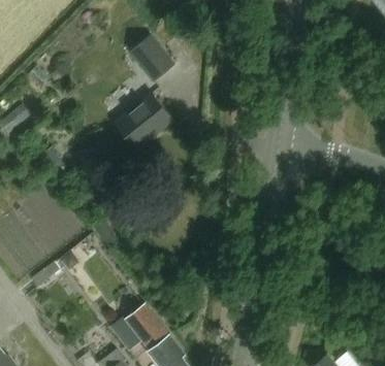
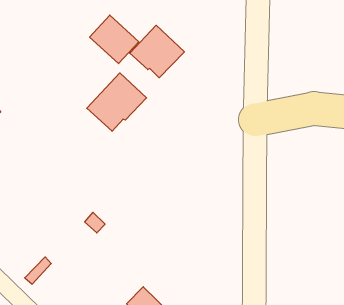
building: none -> [130,25,184,78]

